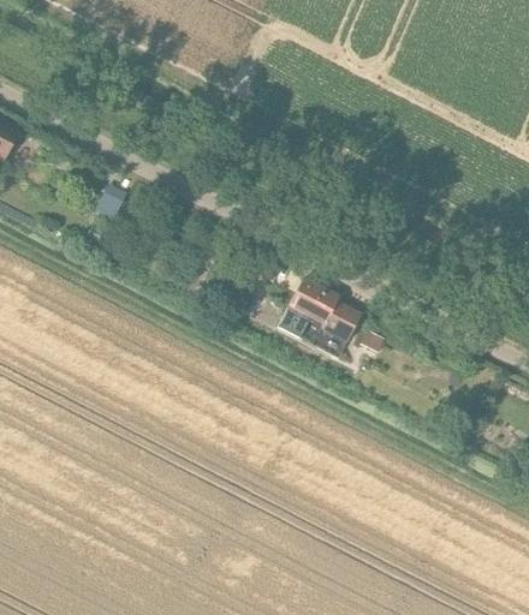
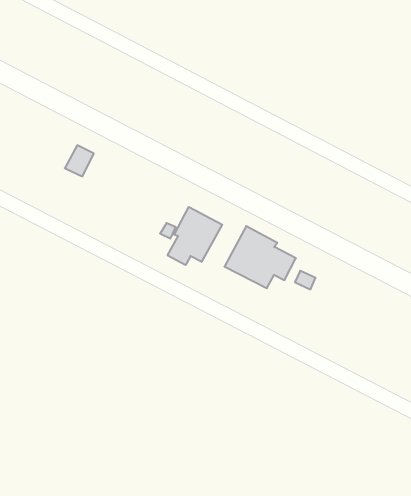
building: none -> [168,207,222,265]

